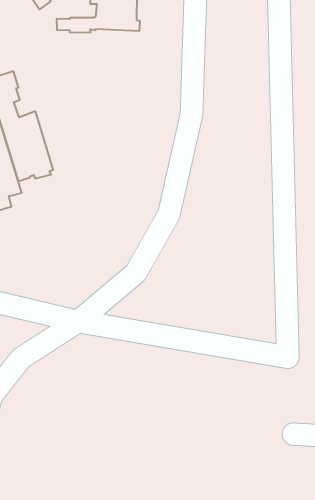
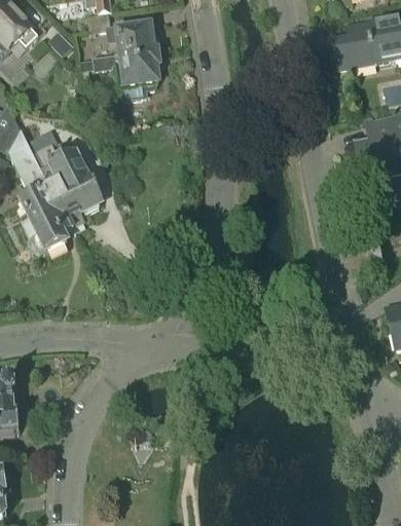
building: none -> [117,57,159,97]

